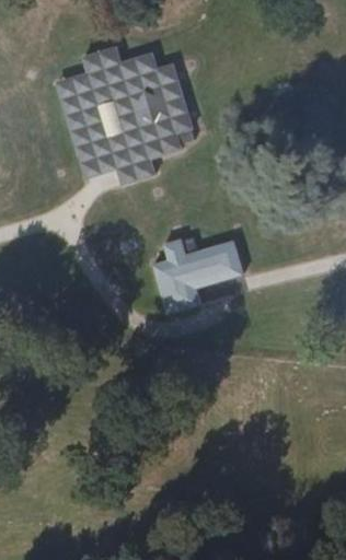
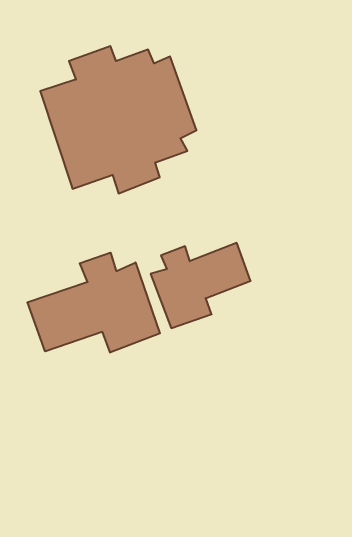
building: none -> [27,253,160,353]

